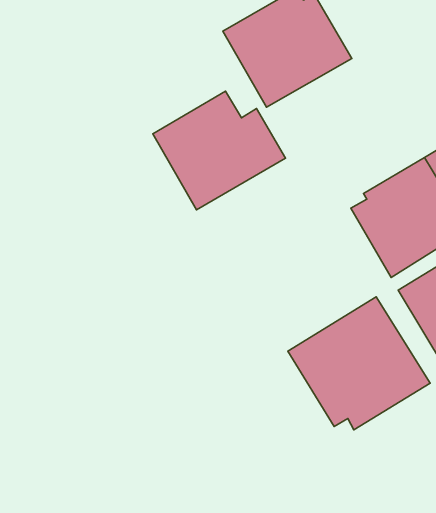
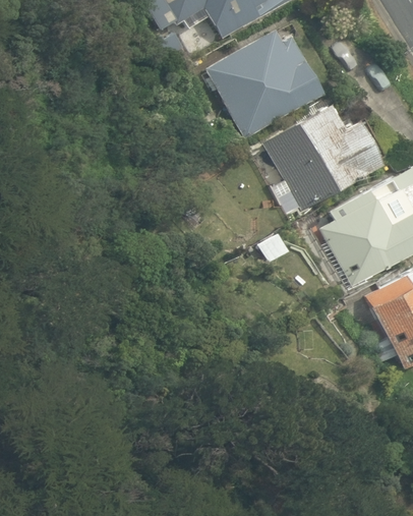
building: [153,91,285,210] -> [263,104,380,209]
building: [288,297,430,430] -> none

